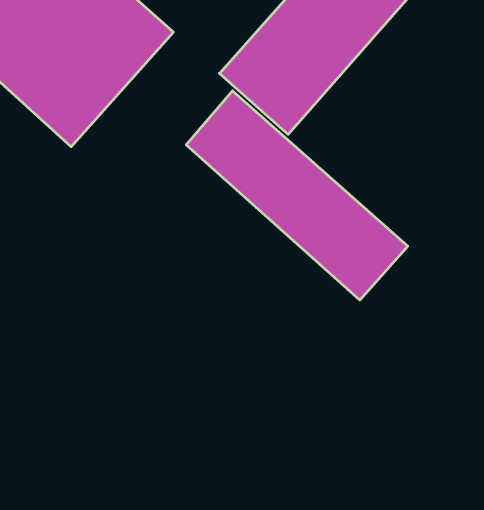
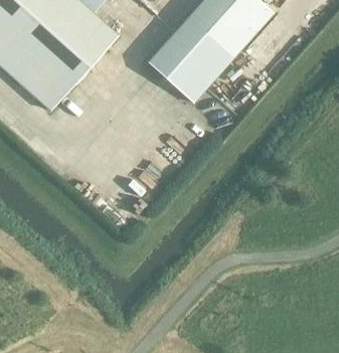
building: [186,91,408,300] -> none

